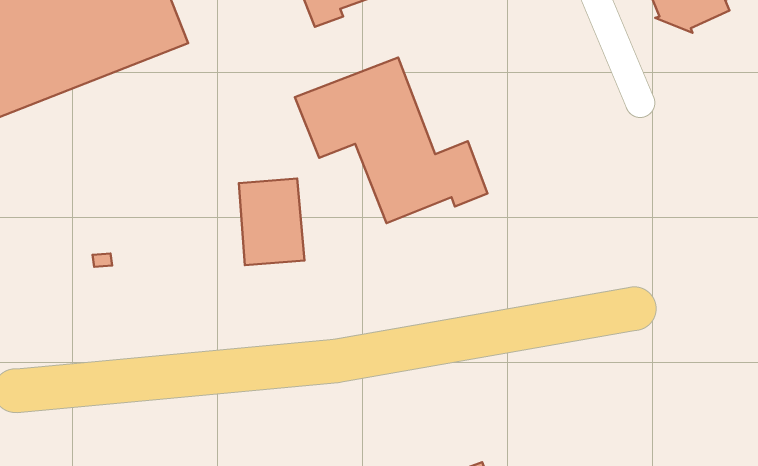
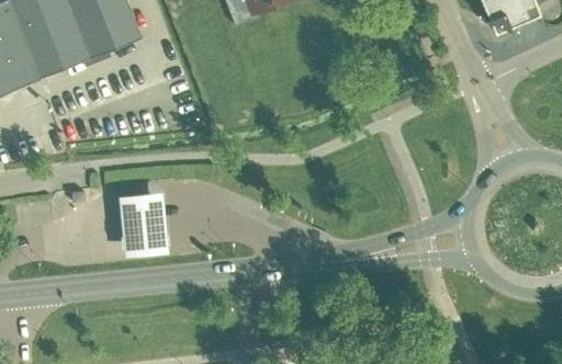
building: [295,58,487,223] -> none
building: [239,179,305,265] -> [121,197,169,261]

